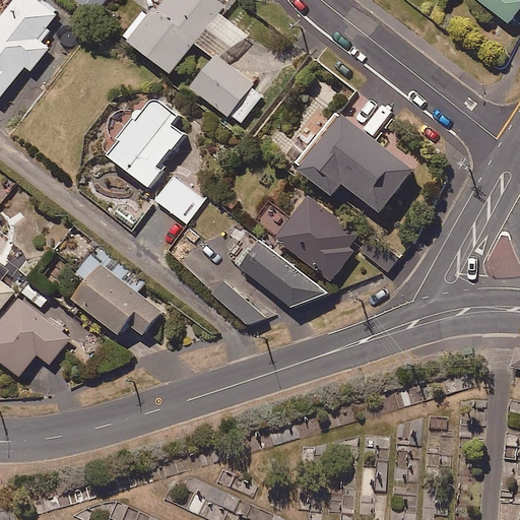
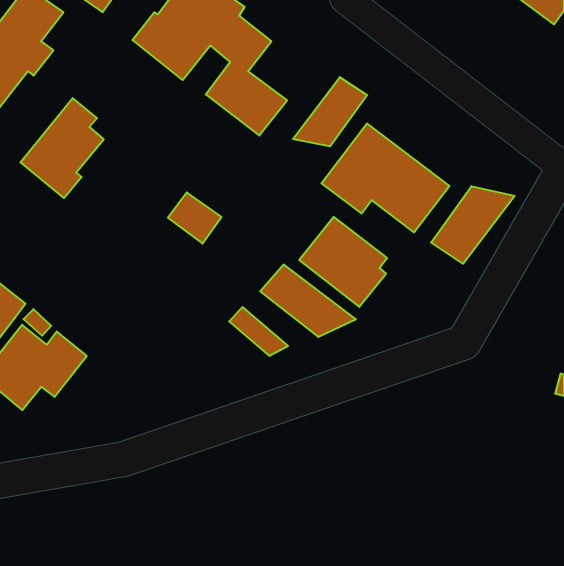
building: none -> [293,77,367,146]
building: [106,96,182,188] -> [20,98,104,198]
building: none -> [431,186,515,264]
building: [75,246,161,333] -> none

